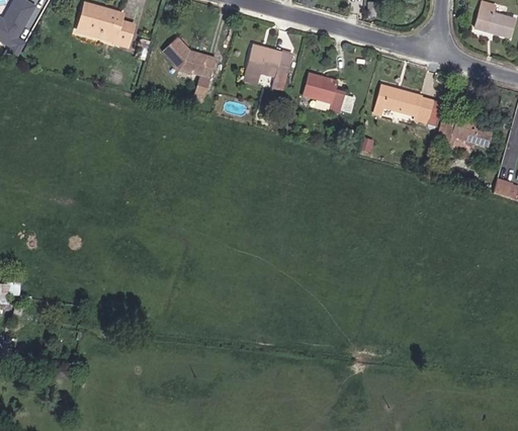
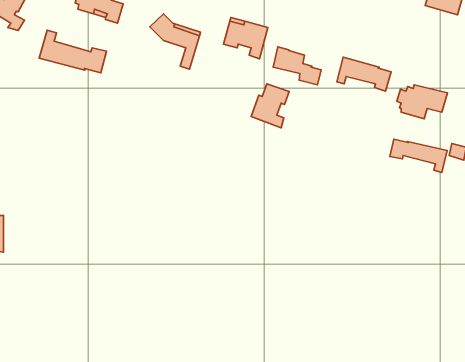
building: none -> [39,30,107,73]
building: none -> [251,84,289,128]
building: none -> [390,139,447,172]

